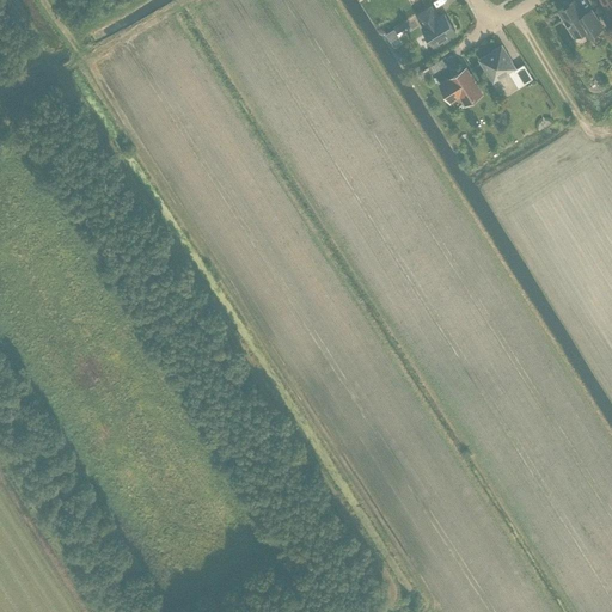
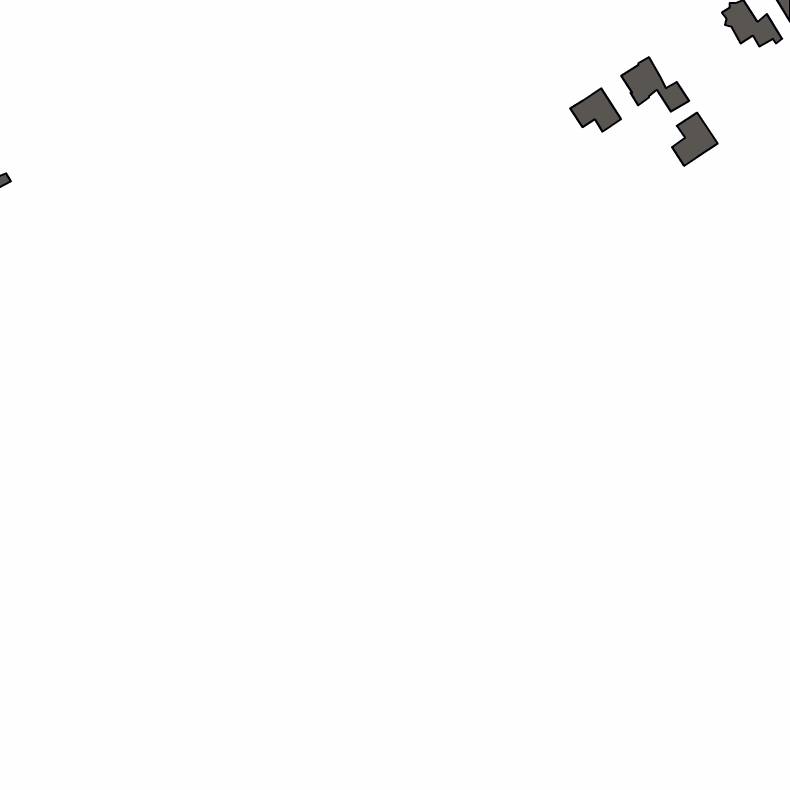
building: [416,5,454,44] -> none
building: none -> [672,113,718,166]

